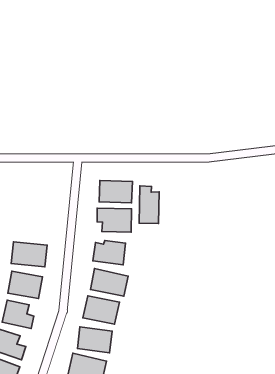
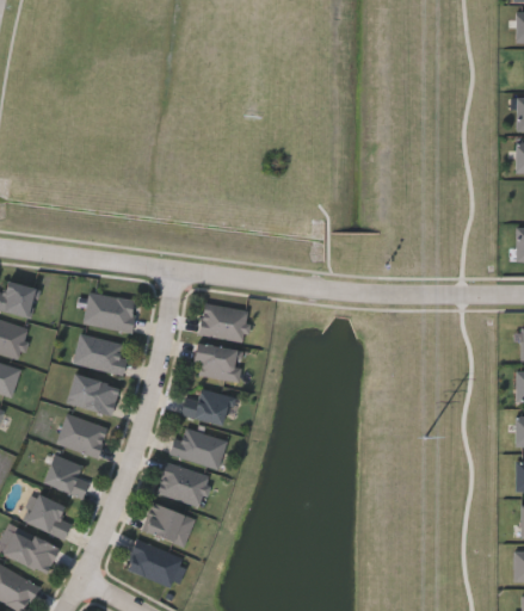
building: none -> [84,294,136,333]
building: [139,186,159,224] -> none
building: none -> [74,335,128,374]

